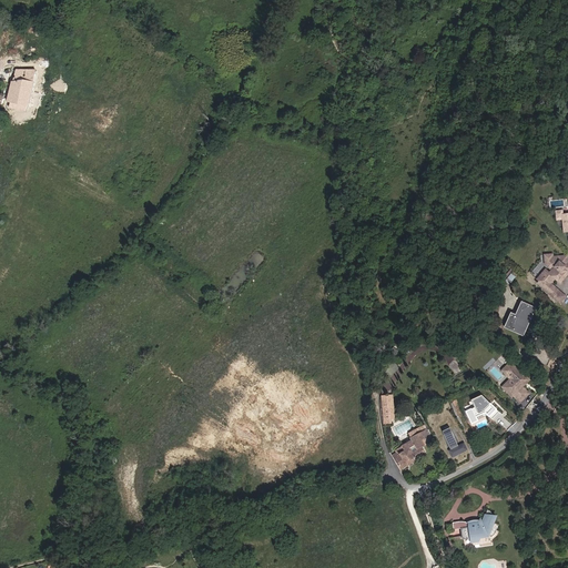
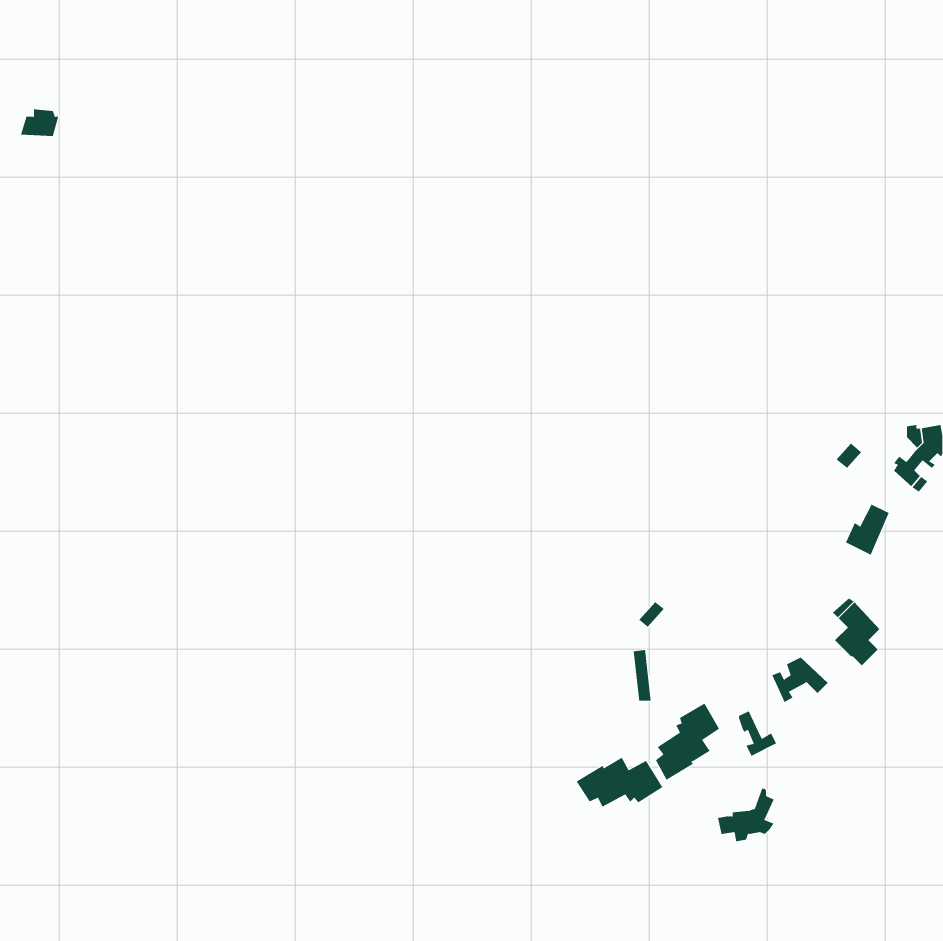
building: [8,81,32,110] -> none
building: none -> [576,757,663,807]
building: [458,509,493,541] -> [717,788,774,842]

